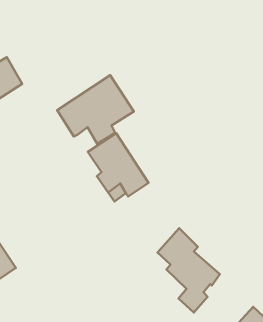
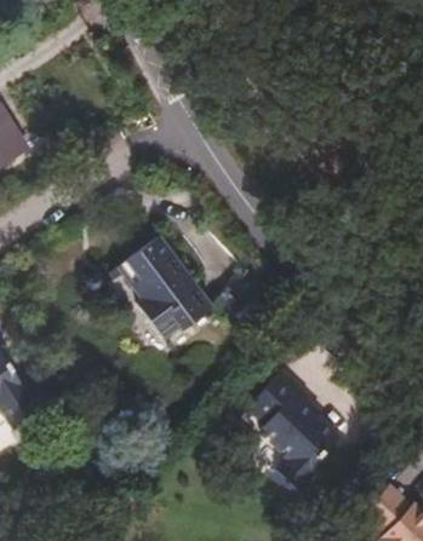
building: [57,75,134,144] -> none

